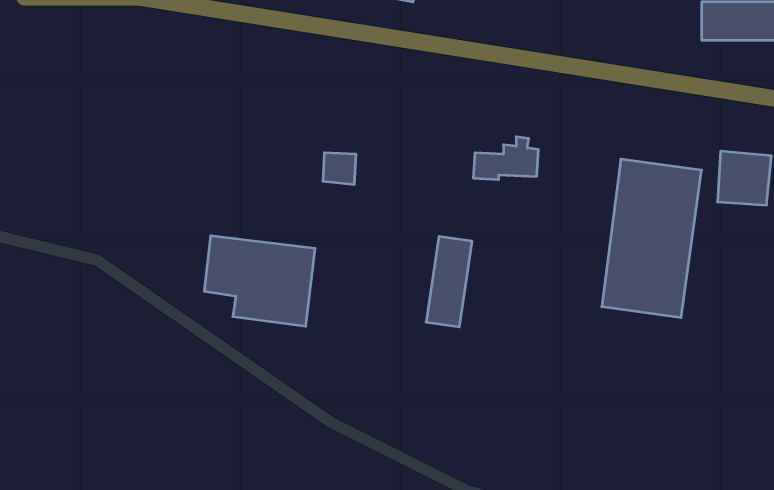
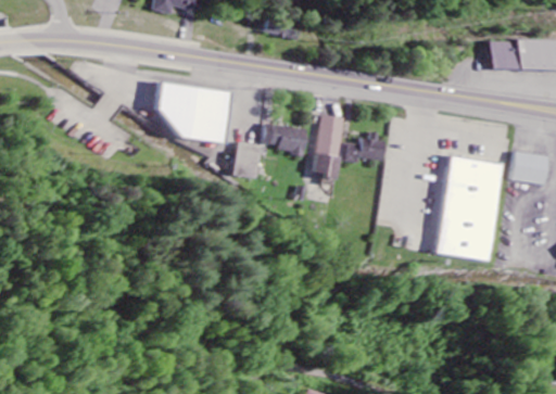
building: none -> [263,126,306,158]
building: [204,236,315,326] -> [156,84,232,145]
building: [426,236,472,327] -> [313,116,344,178]

